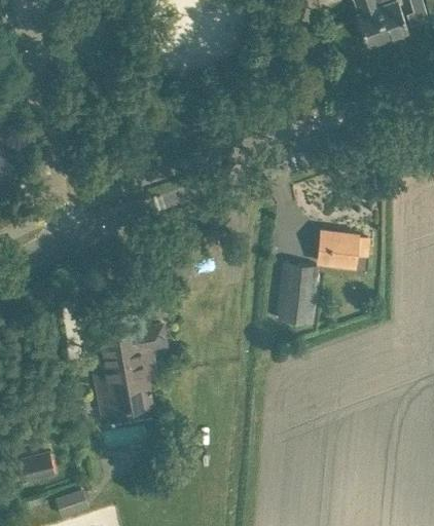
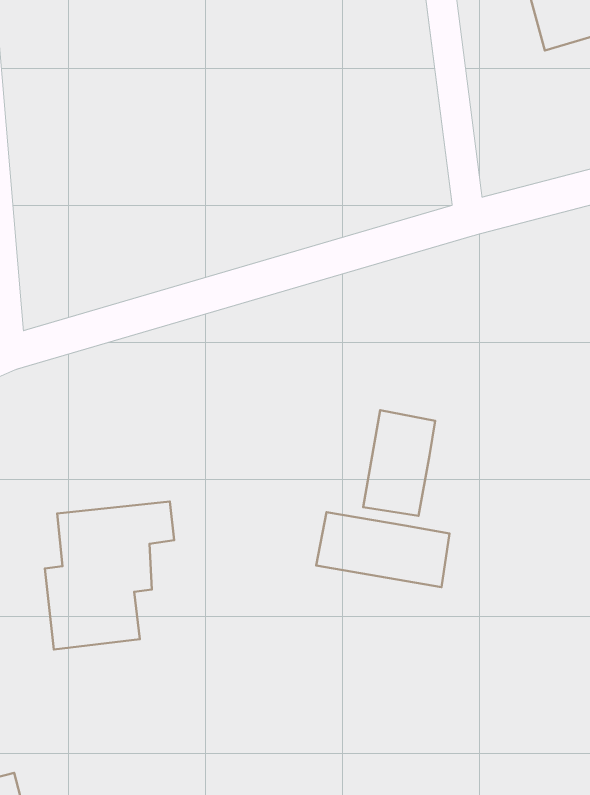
building: [318,232,368,267] -> none
building: none -> [316,512,449,587]

